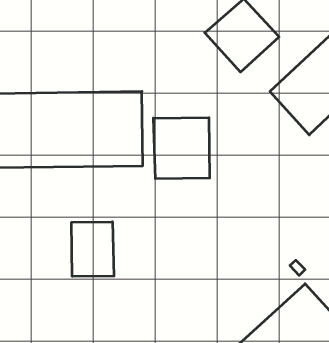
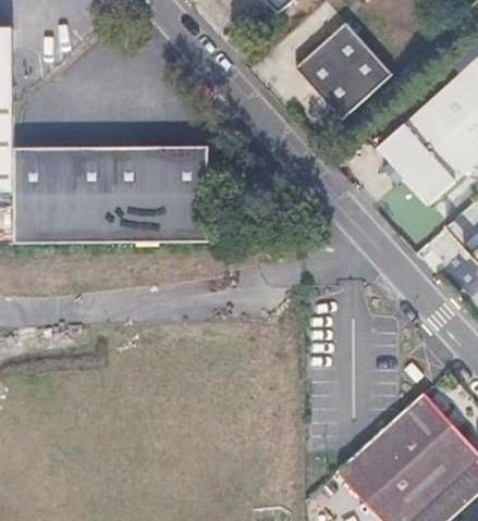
building: [153,118,210,179] -> none
building: [72,222,114,276] -> none

